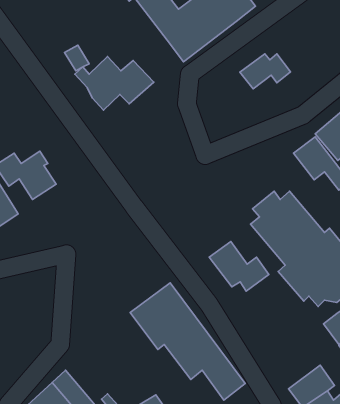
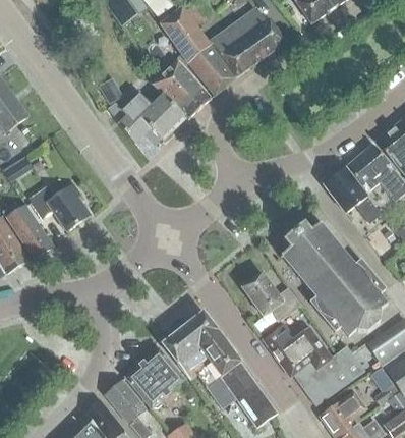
building: none -> [155,58,213,117]
building: [240,54,291,89] -> none
building: none -> [262,322,364,405]
building: none -> [126,348,185,407]
building: none -> [105,380,146,423]

